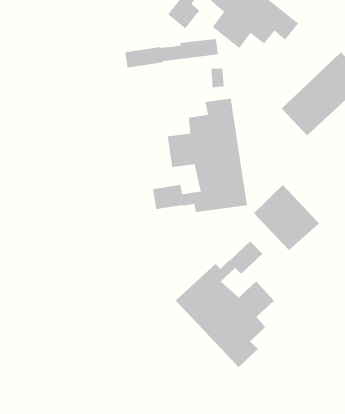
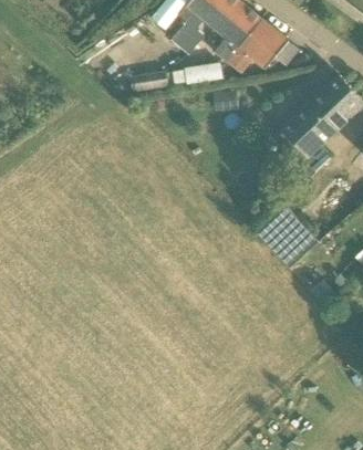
building: [153,98,247,213] -> none
building: [175,240,275,368] -> none

